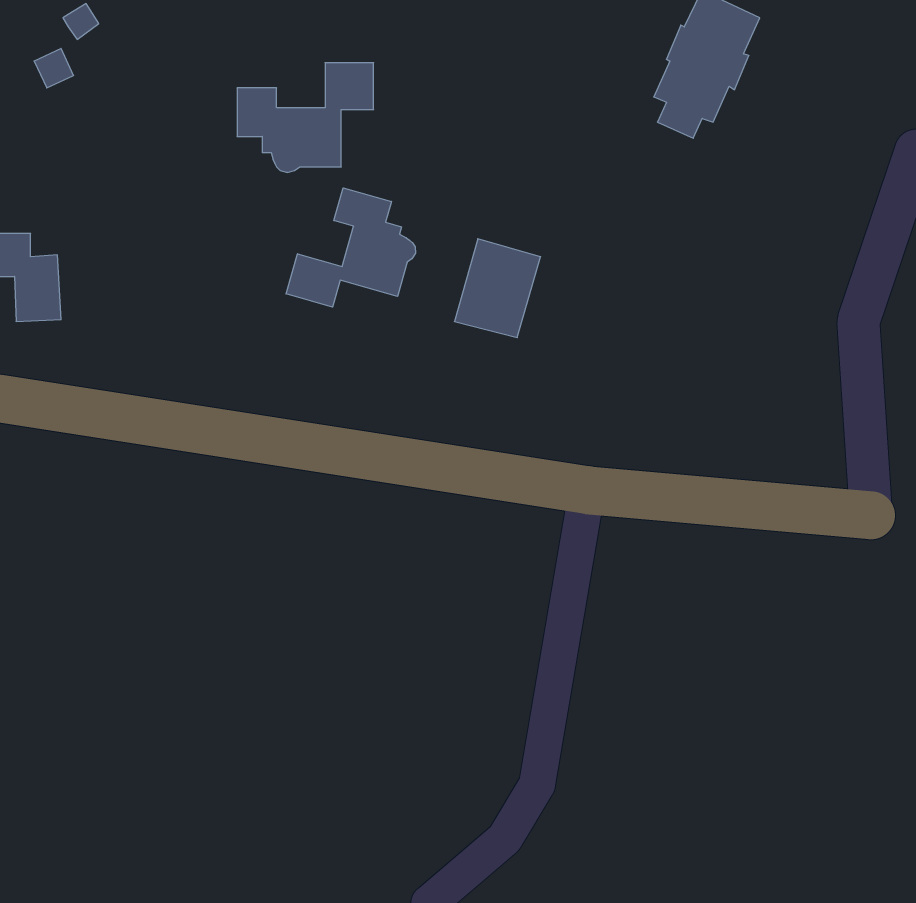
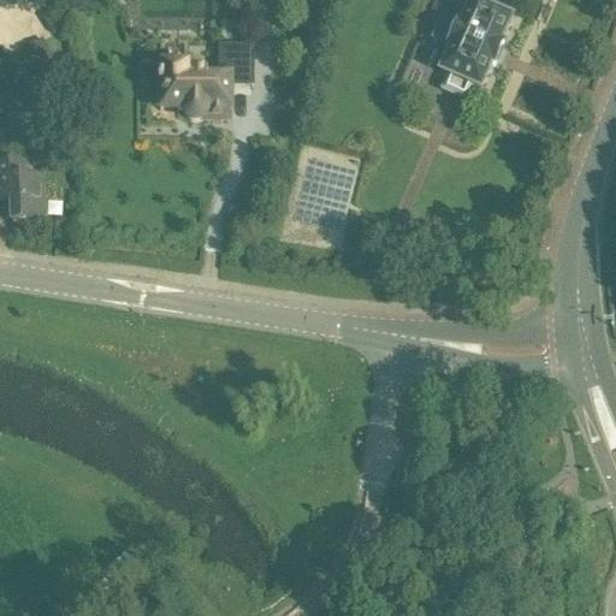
building: [286,188,415,307] -> none

